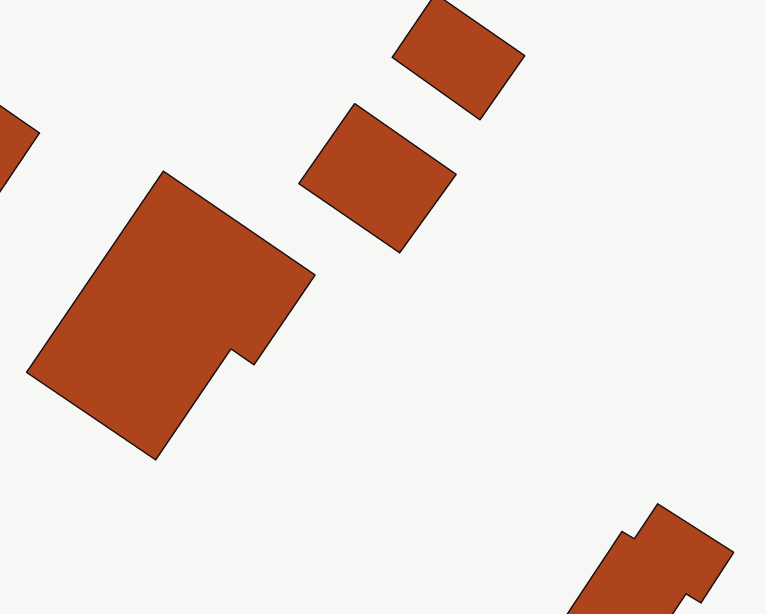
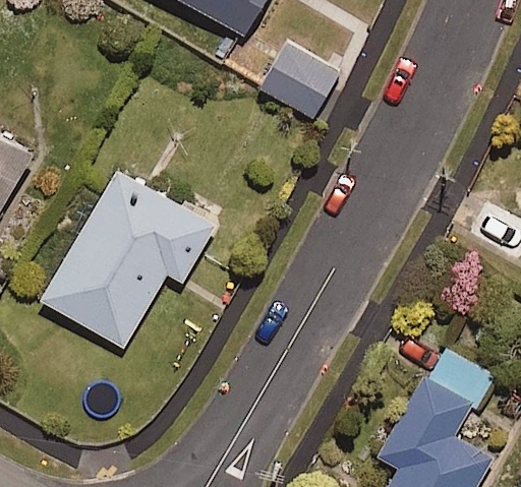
building: [299,104,456,253] -> none

